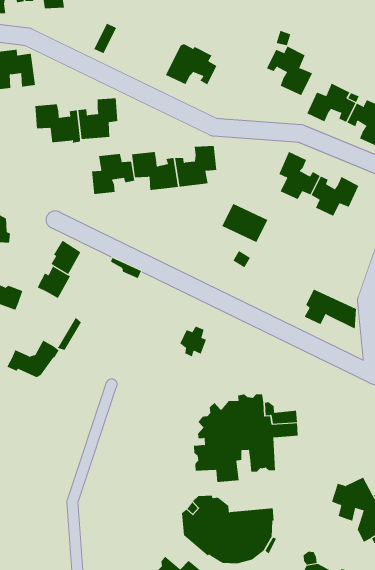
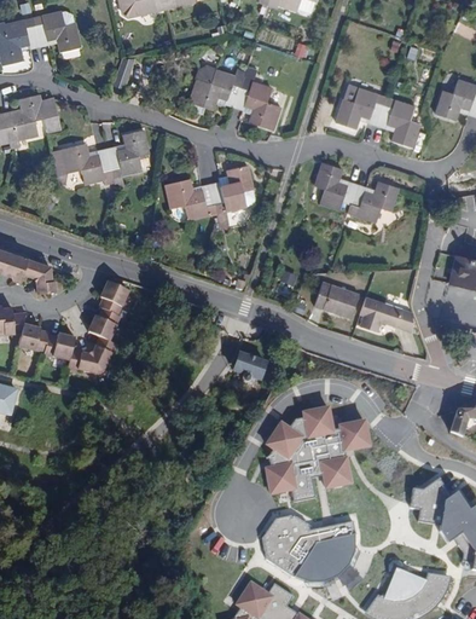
building: [266,46,313,96] -> [233,81,280,129]
building: [91,153,135,195] -> none
building: [221,203,268,243] -> [313,280,359,317]
building: [7,340,60,378] -> [66,334,117,372]

